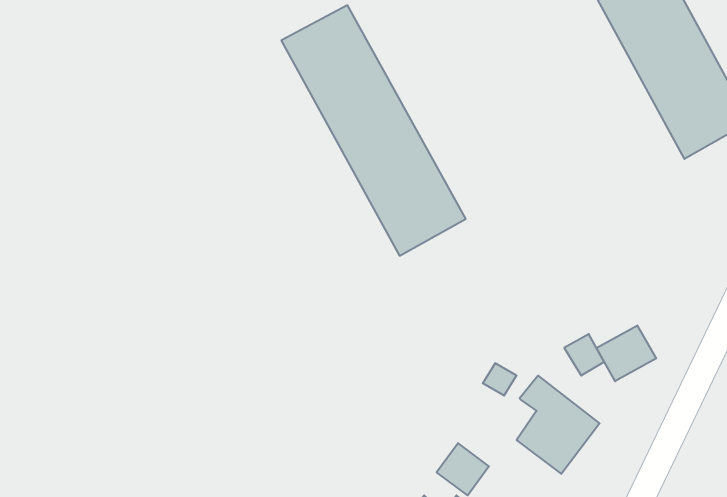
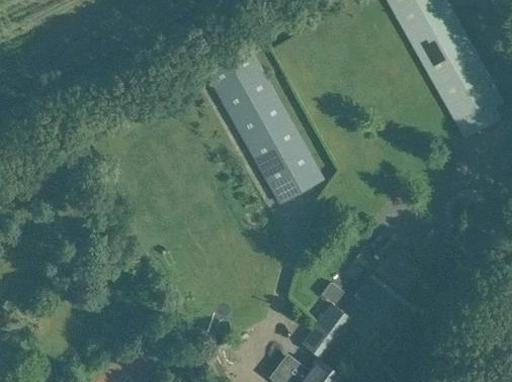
building: [597,325,656,381] -> none
building: none -> [318,307,353,343]

